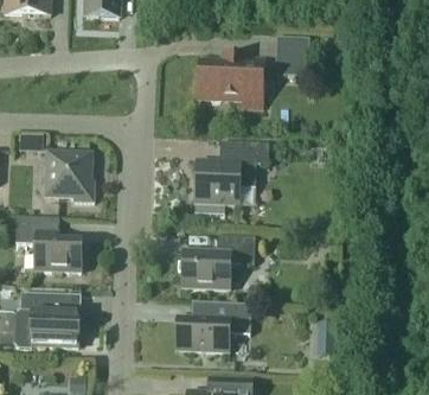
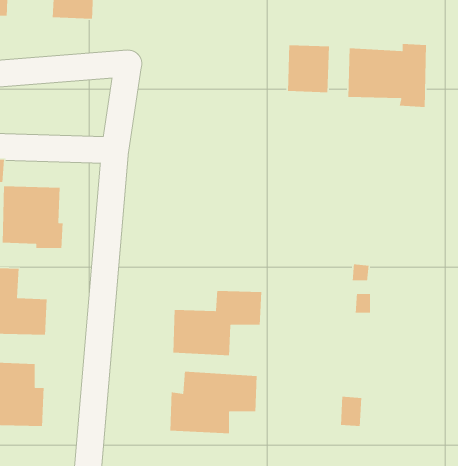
building: [199,55,263,107] -> [347,43,427,108]
building: [194,141,269,214] -> none

